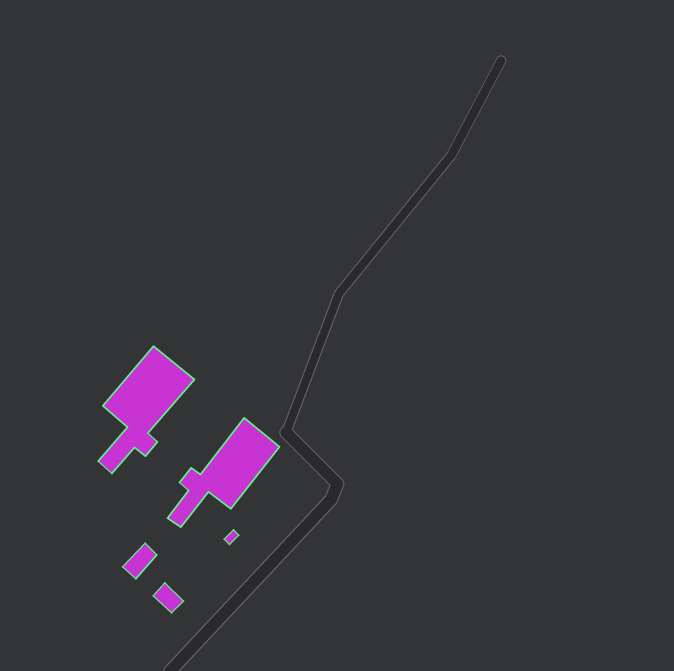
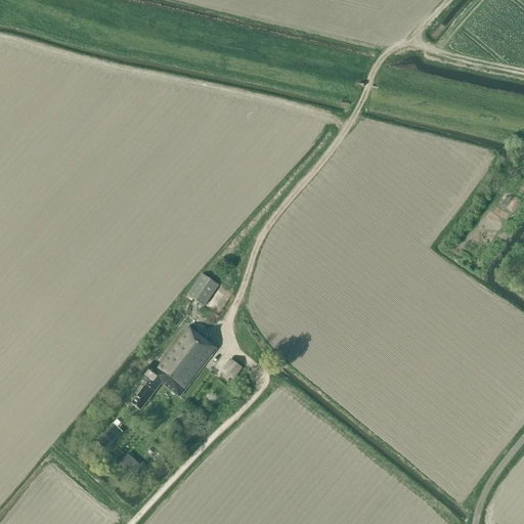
building: [98,346,194,474] -> none
building: none -> [187,272,218,305]

